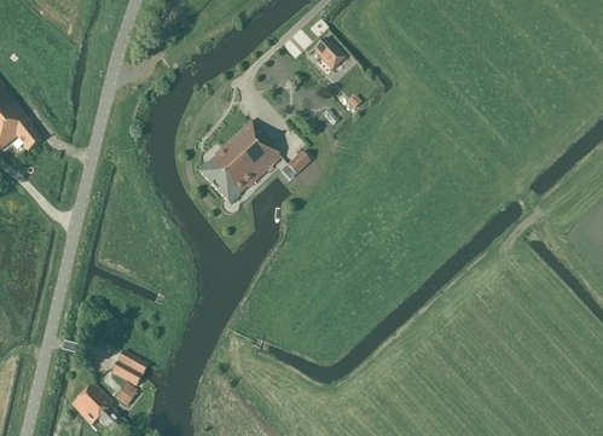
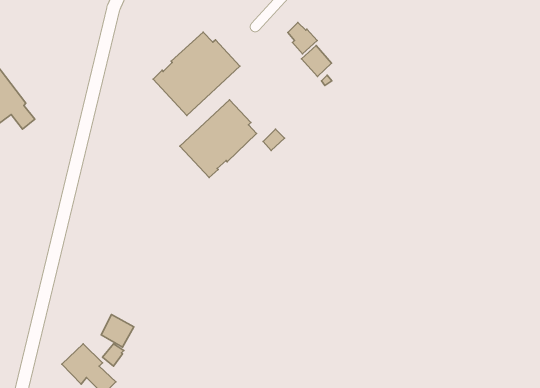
building: none -> [153,32,240,115]
building: none -> [301,45,331,76]

